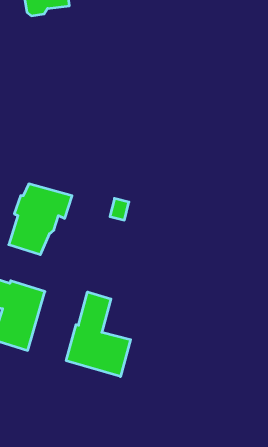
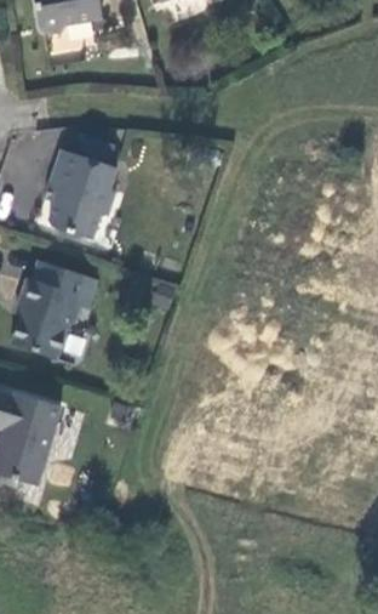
building: none -> [50,149,116,240]
building: [66,292,131,377] -> none

